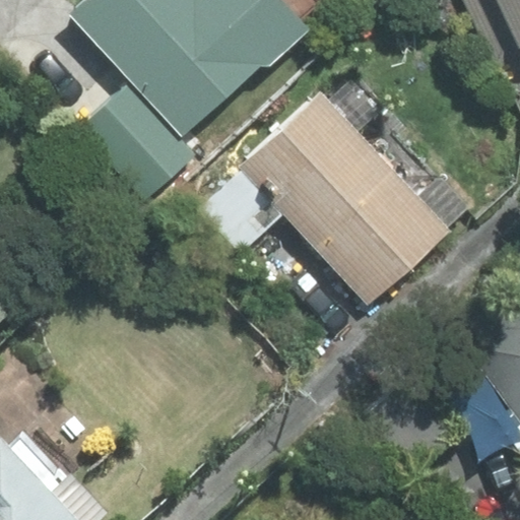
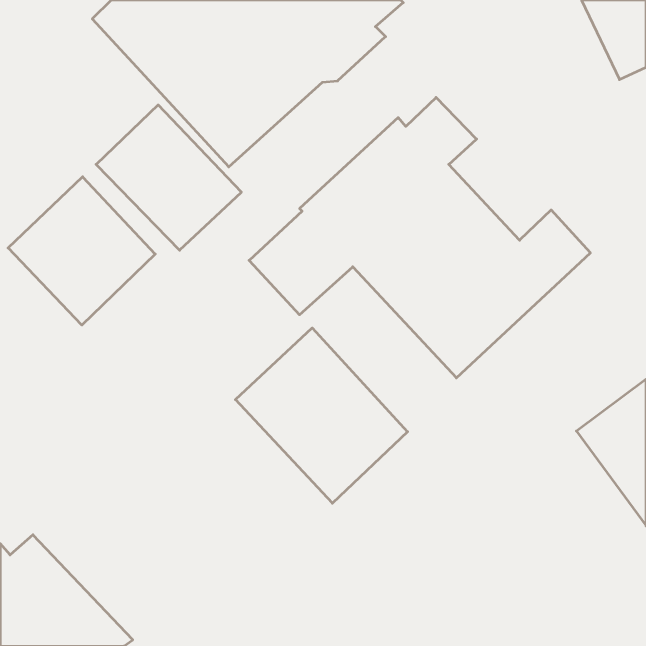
building: none -> [8,177,155,325]
building: none -> [235,328,408,503]

